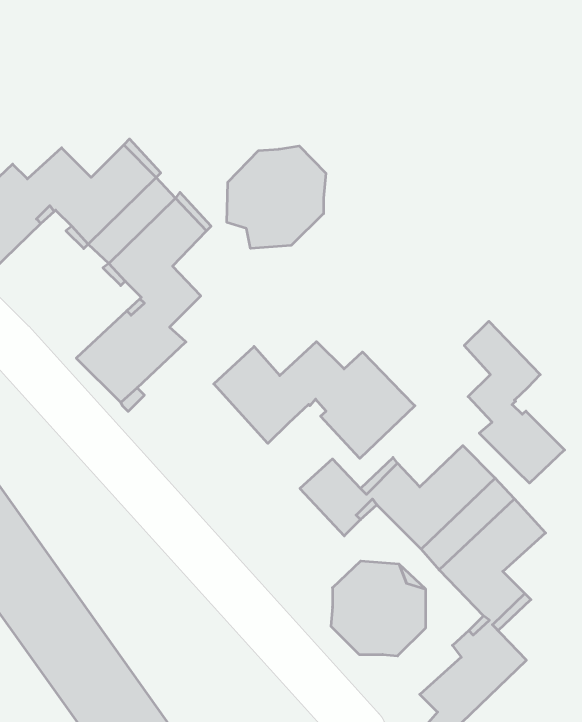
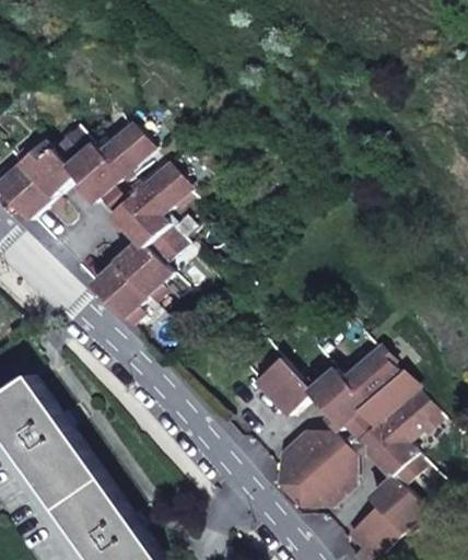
building: [227,146,326,248] -> none
building: [464,321,565,483] -> none
building: [214,342,415,458] -> none

